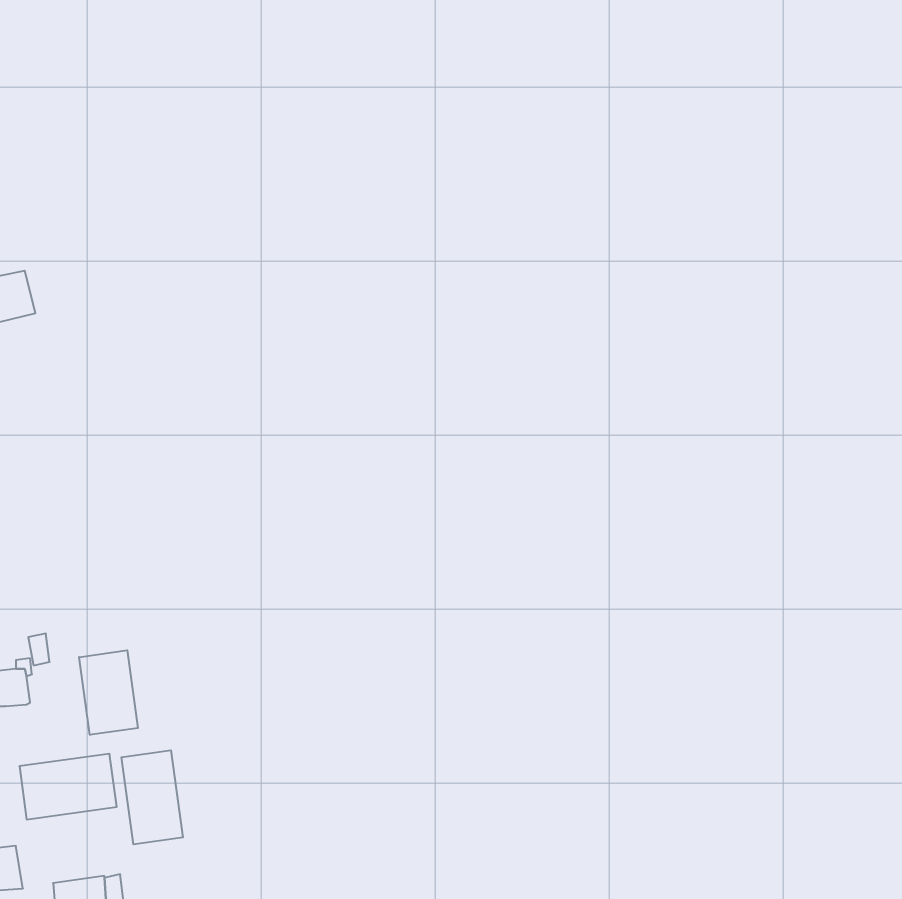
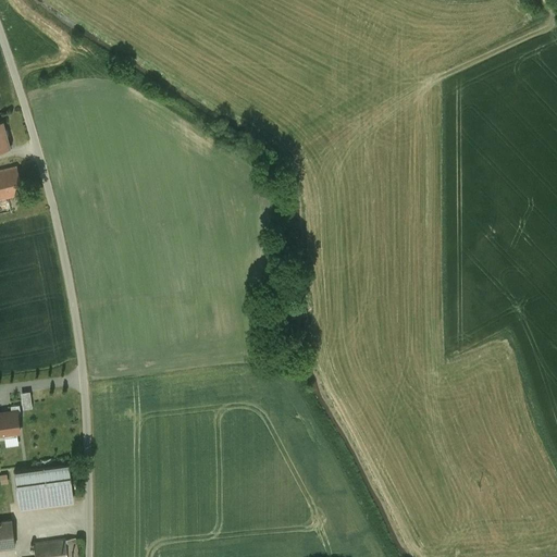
building: [79,650,138,735] -> none
building: [121,750,183,844] -> none

